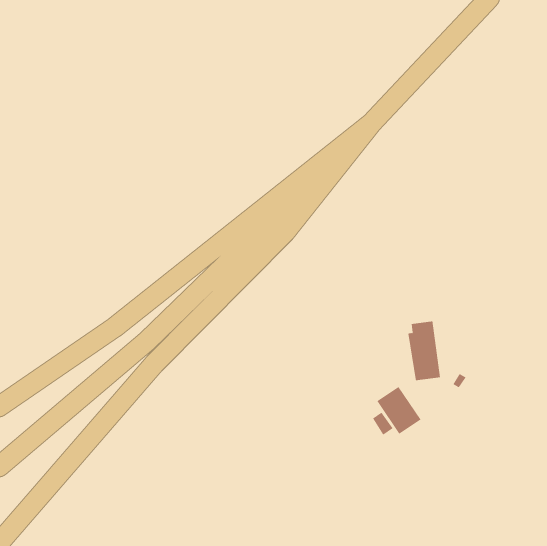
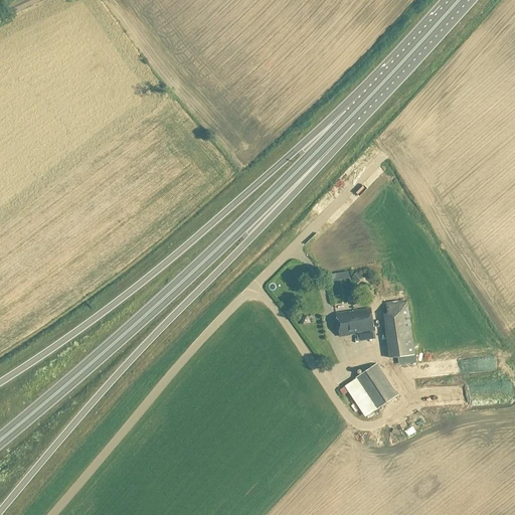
building: none -> [335,307,373,335]

